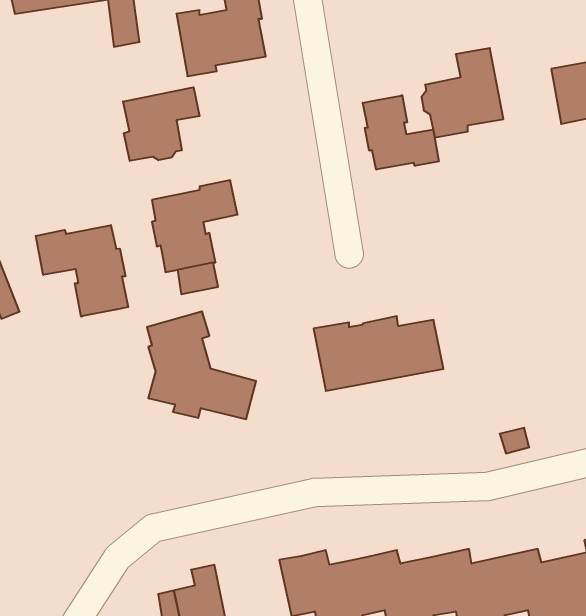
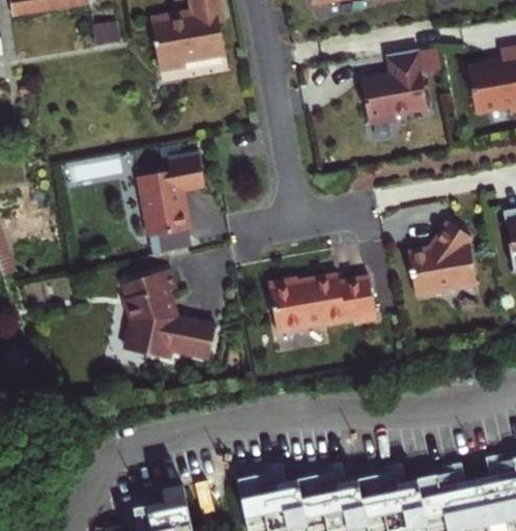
building: [123,87,200,161] -> none
building: [363,95,439,170] -> none
building: [36,225,128,317] -> none
building: none -> [407,218,477,294]

